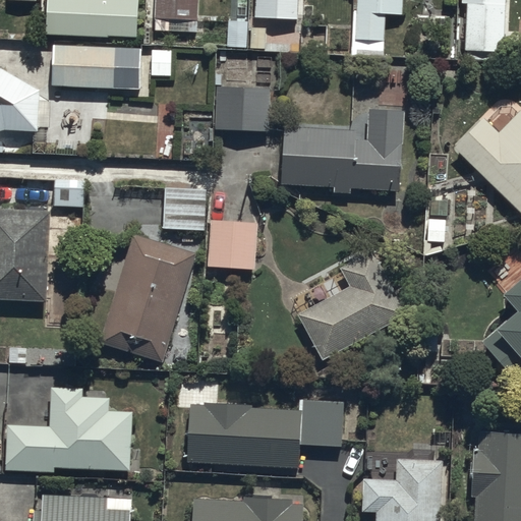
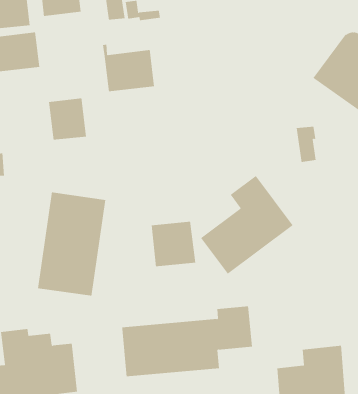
building: [280,107,401,192] -> none
building: [164,183,205,230] -> [48,98,87,140]
building: [208,218,256,269] -> [151,221,196,267]

